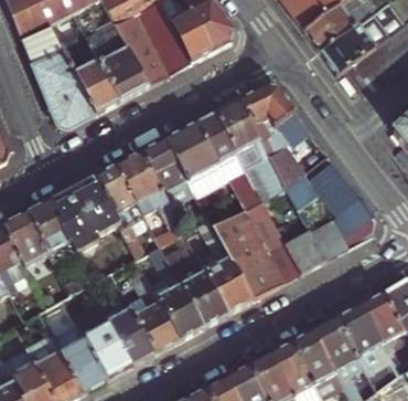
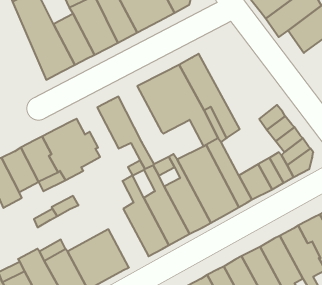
building: [237,86,325,208] -> none
building: [142,138,193,204] -> none
building: [93,163,150,255] -> none
building: [126,268,178,353] -> none

